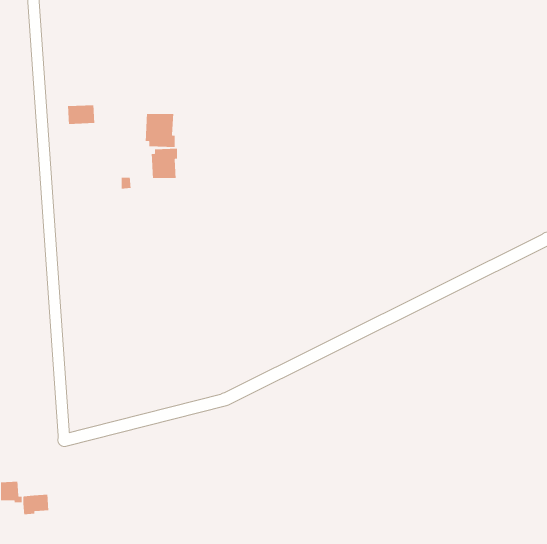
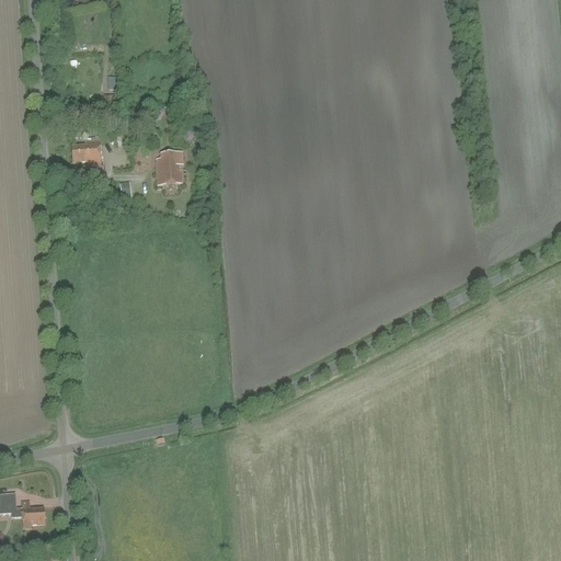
building: [67,104,95,125] -> [71,144,100,164]
building: [145,113,175,148] -> none

